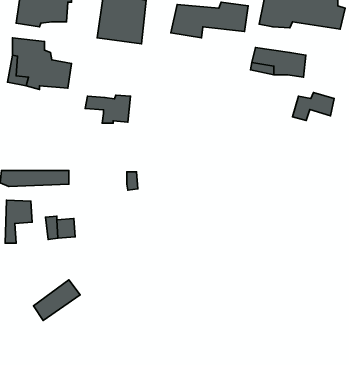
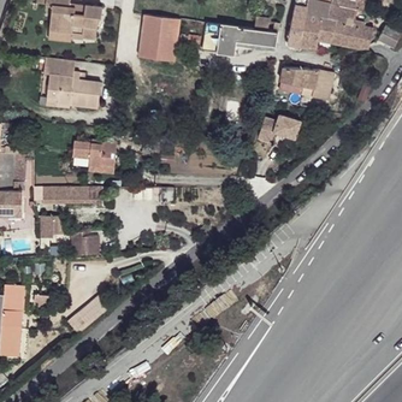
building: [292,92,334,121] -> [260,113,301,141]
building: [85,95,130,123] -> [71,140,116,167]

